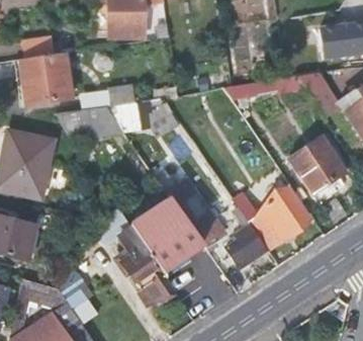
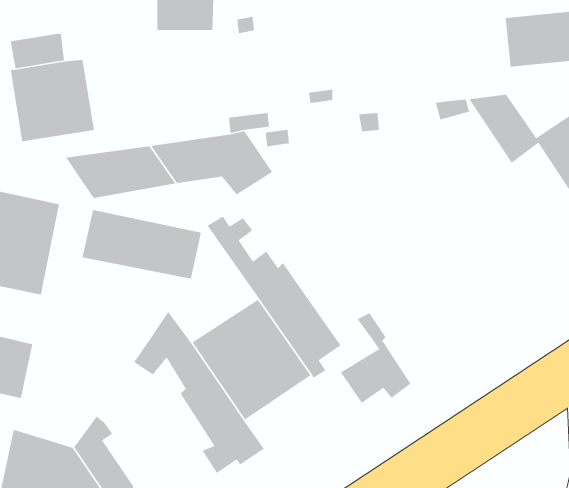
building: [290,138,345,194] -> none
building: none -> [81,209,202,280]
building: [237,184,312,247] -> none

